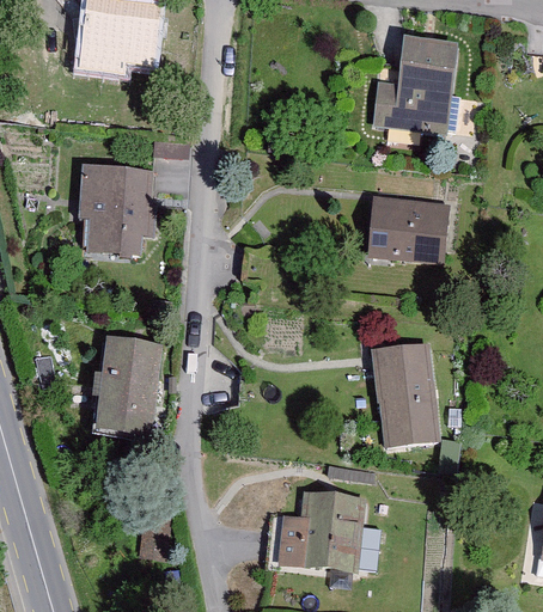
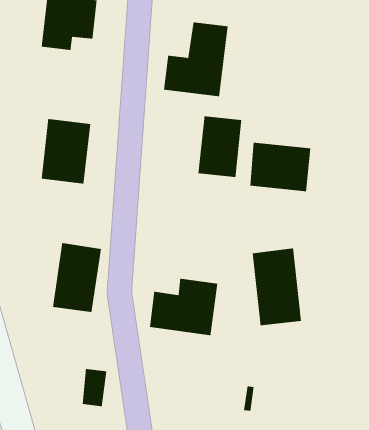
building: [368,33,458,136] -> [163,22,229,97]
building: none -> [198,116,242,178]
building: [268,500,362,579] -> [149,278,218,336]

